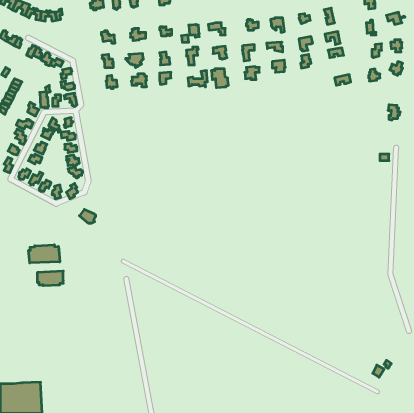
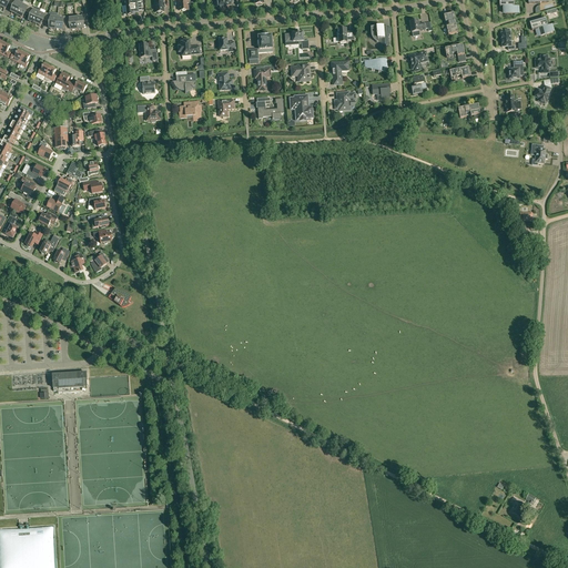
building: [29,245,60,263] -> none

